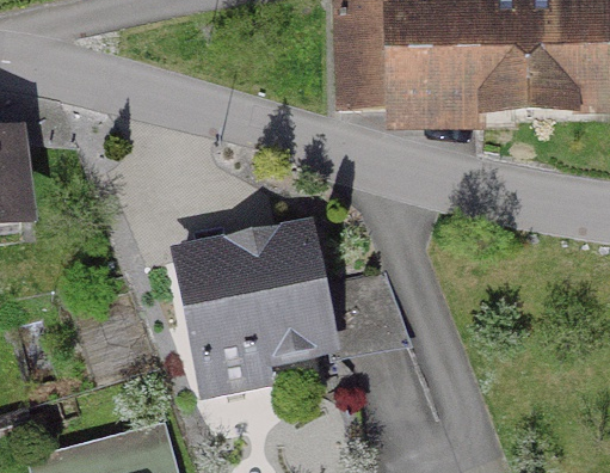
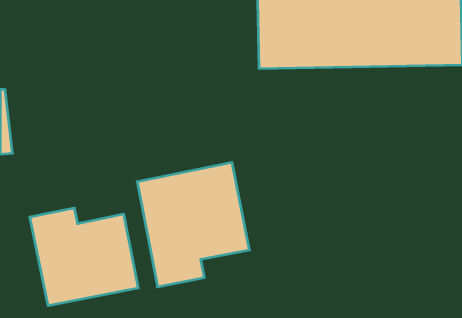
building: none -> [30,208,138,306]

